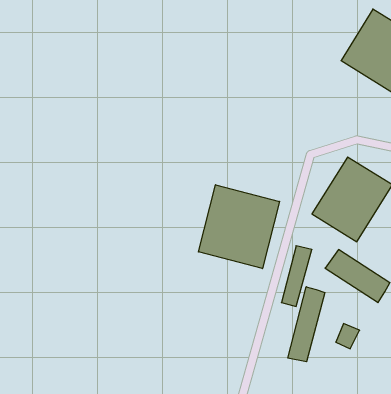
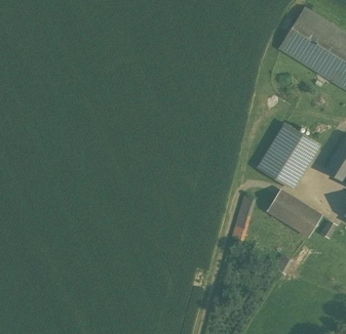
building: [198,185,280,269] -> none
building: [288,287,325,362] -> none

